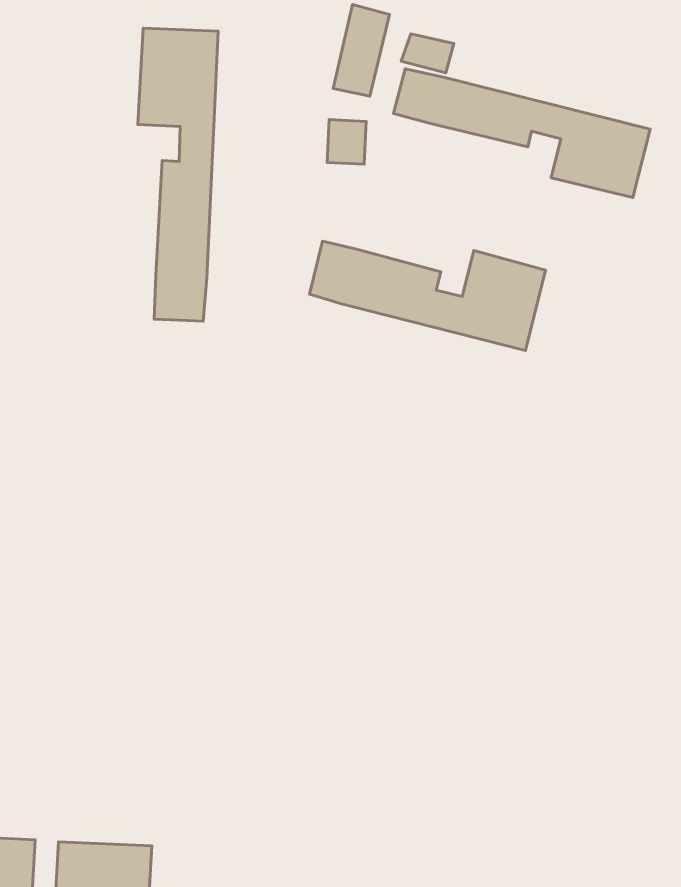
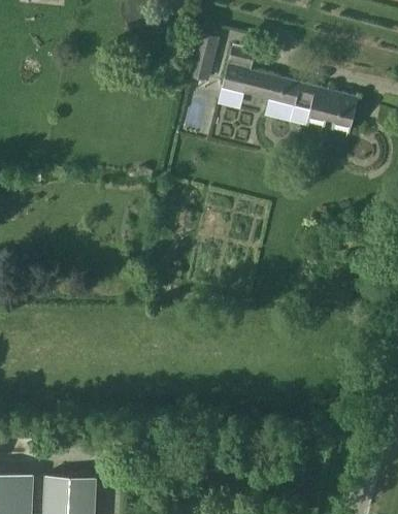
building: [138,28,218,321] -> none
building: [309,241,546,350] -> none

